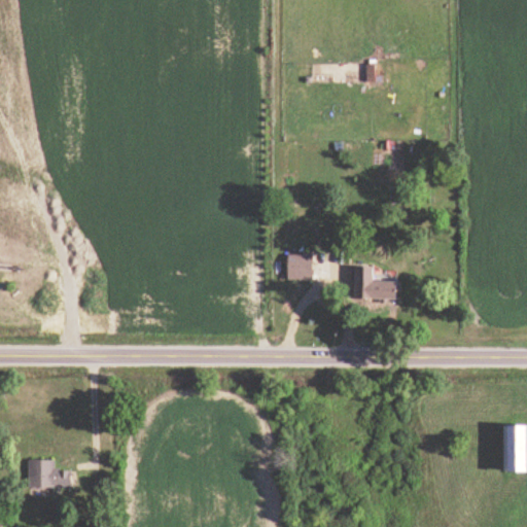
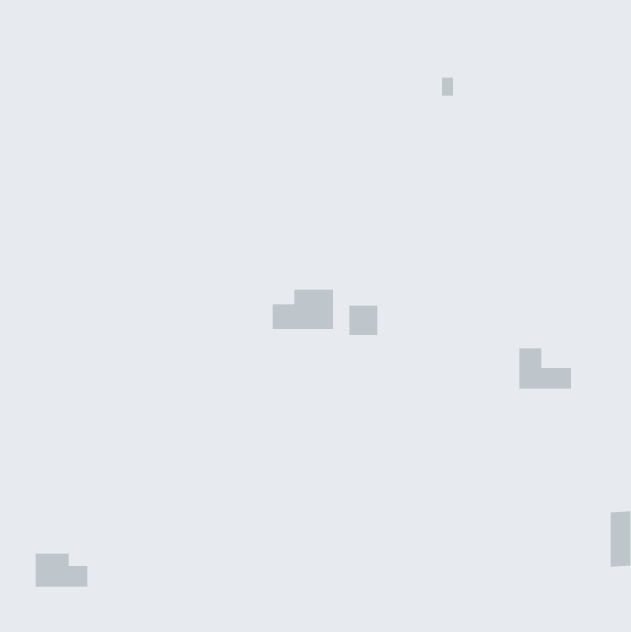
building: none -> [272,289,334,330]
building: [358,266,402,301] -> [519,347,572,389]

